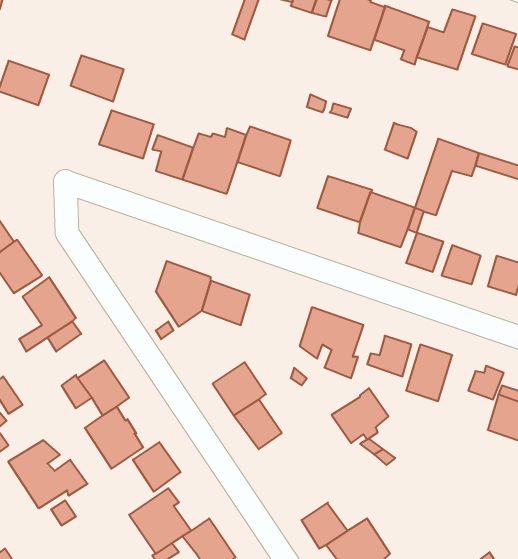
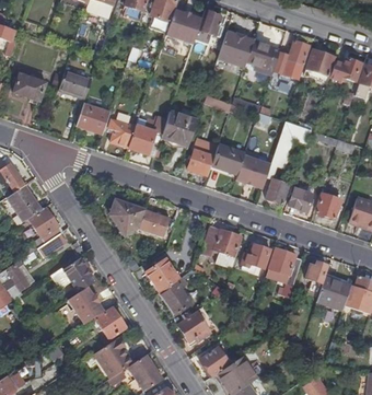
building: none -> [187,138,218,175]
building: [332,388,388,443] -> [178,307,213,341]
building: [8,440,88,508] -> none

